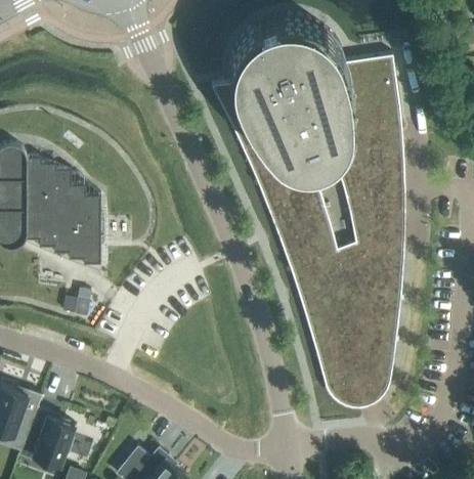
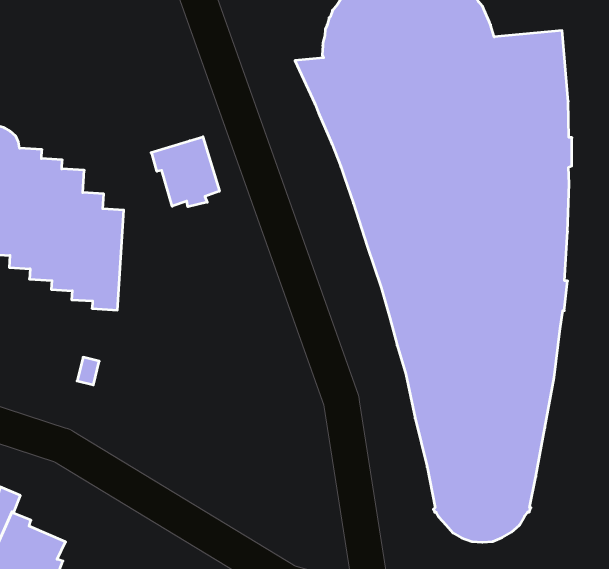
building: none -> [151,137,219,207]

